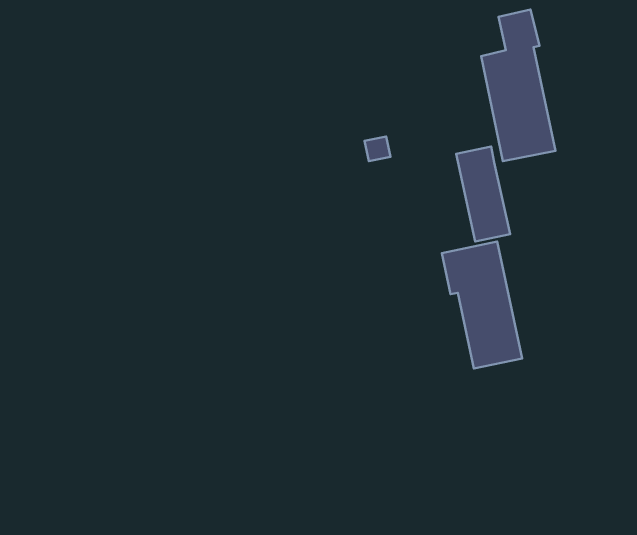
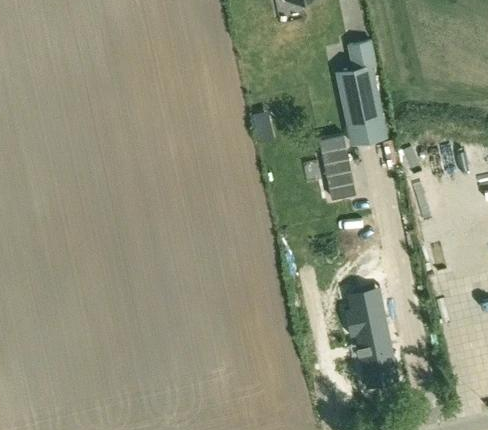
building: [442,242,522,369] -> [344,299,399,386]

